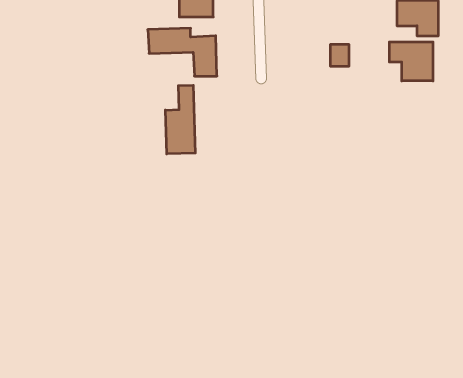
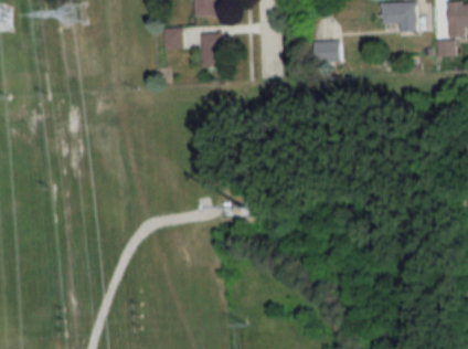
building: [389,42,433,81] -> none
building: [165,85,195,154] -> none

